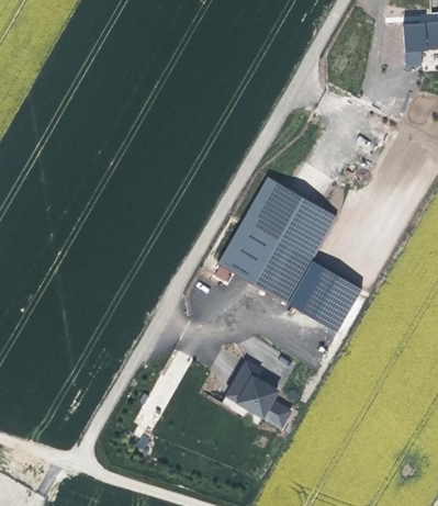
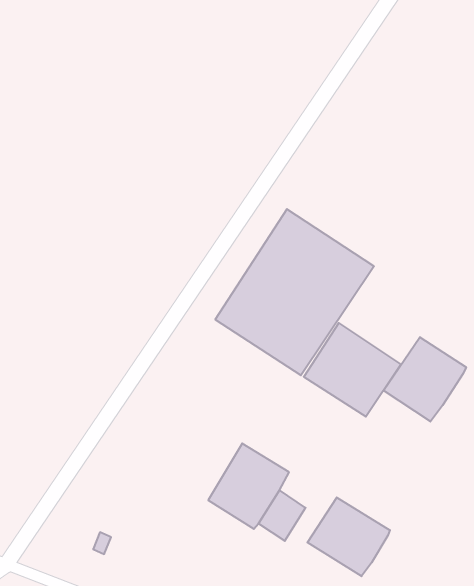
building: none -> [383,337,466,422]
building: none -> [307,497,390,576]

